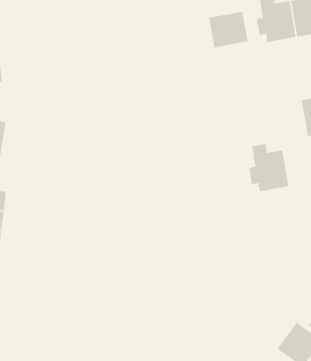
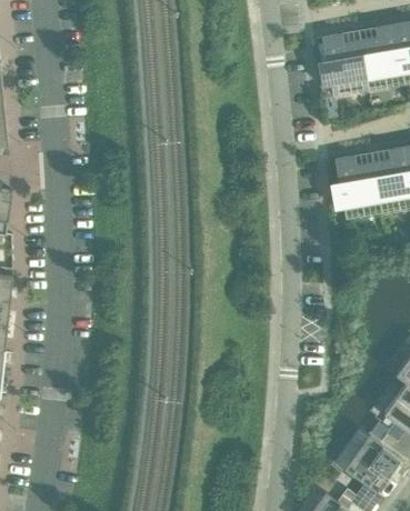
building: [208,11,248,48] -> none
building: [249,143,289,192] -> [330,156,380,216]

